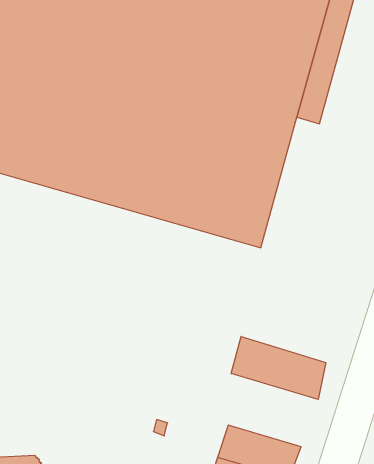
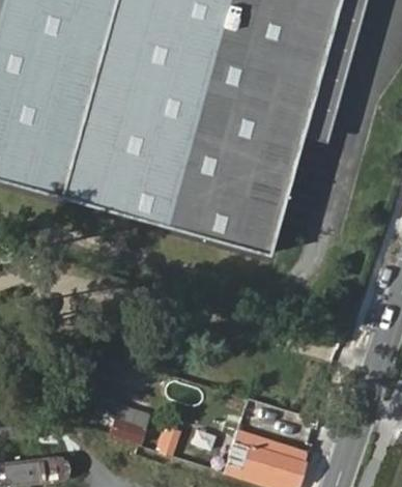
building: [231,336,326,399] -> none
building: none -> [109,400,148,443]

